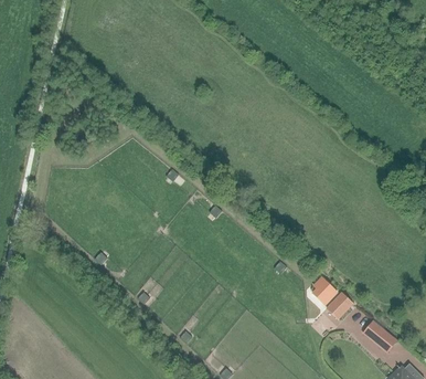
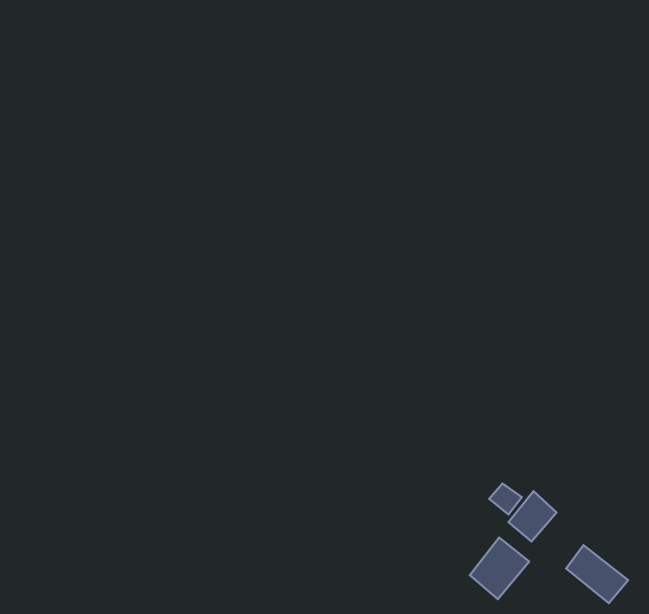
building: none -> [470,538,529,599]

